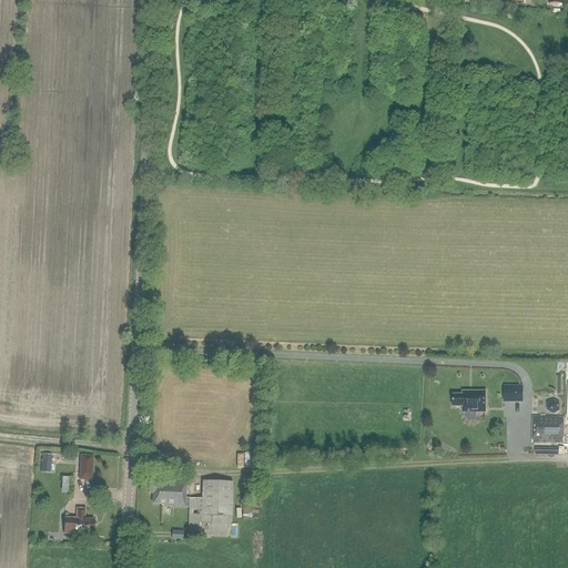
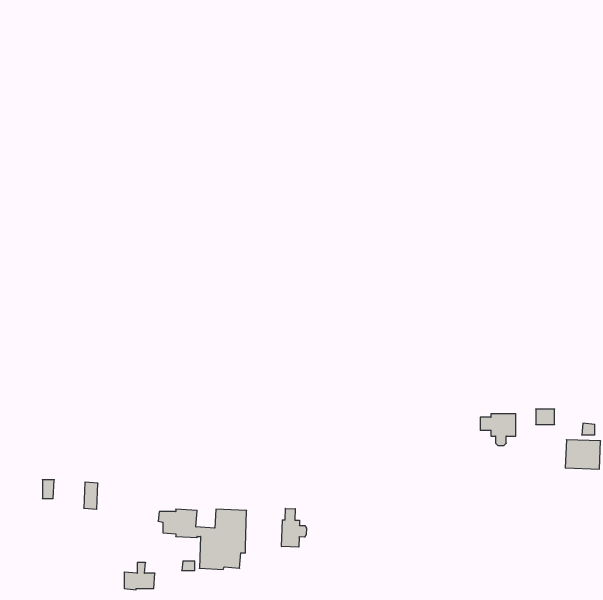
building: none -> [282,508,306,547]
building: [64,507,93,532] -> [124,563,155,590]

